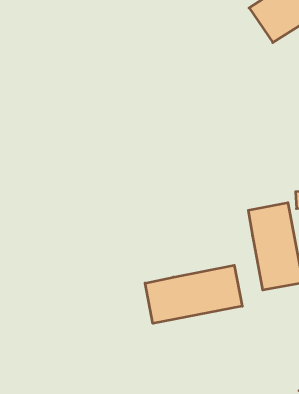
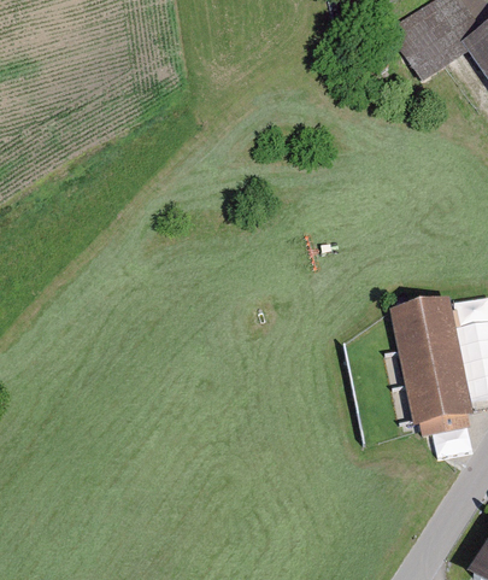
building: [145,265,242,323] -> none

